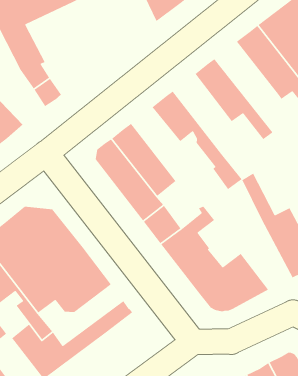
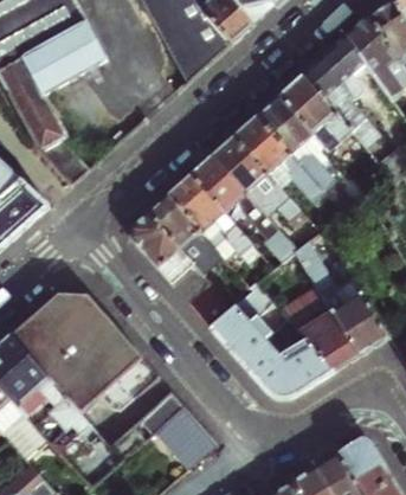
building: none -> [256,95,339,193]
building: none -> [212,134,311,231]
building: none -> [168,174,264,266]
building: none -> [279,291,359,368]
building: none -> [156,404,218,467]

